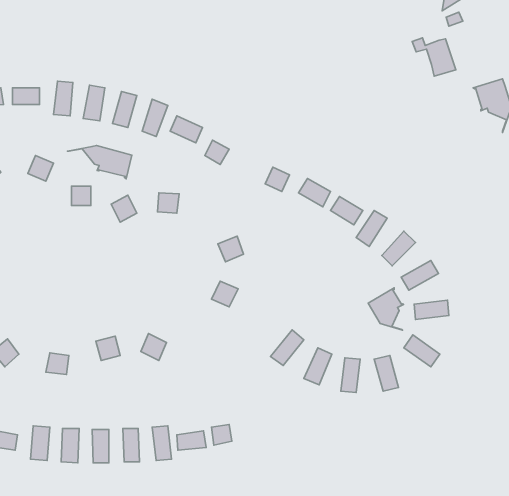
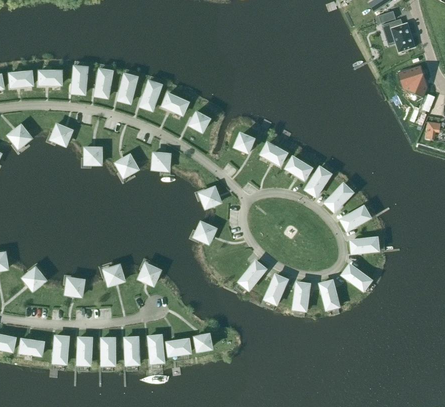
building: [412,38,456,76] -> [382,21,416,51]
building: [67,146,132,179] -> none
building: [368,288,404,330] -> none

